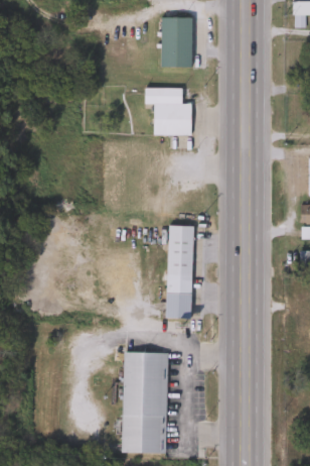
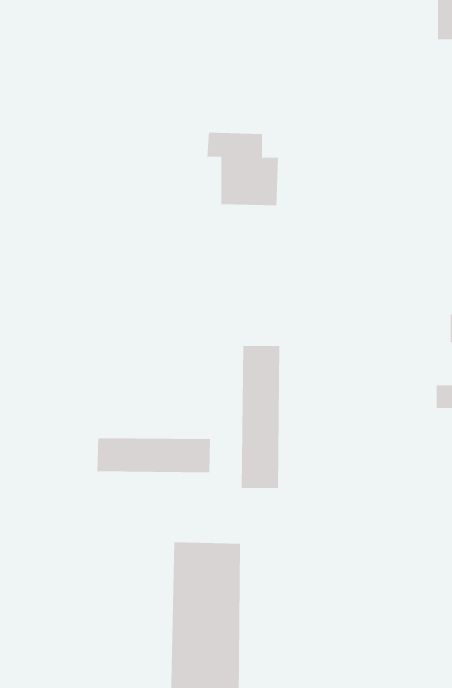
building: [161,18,192,68] -> none
building: none -> [97,437,211,473]

